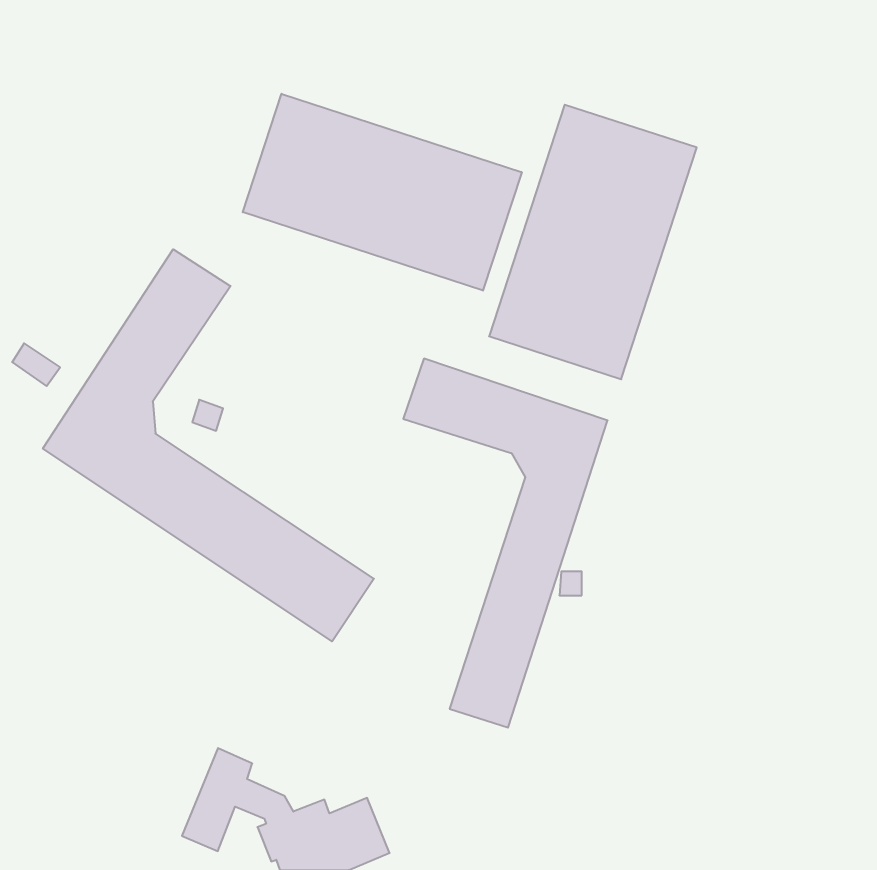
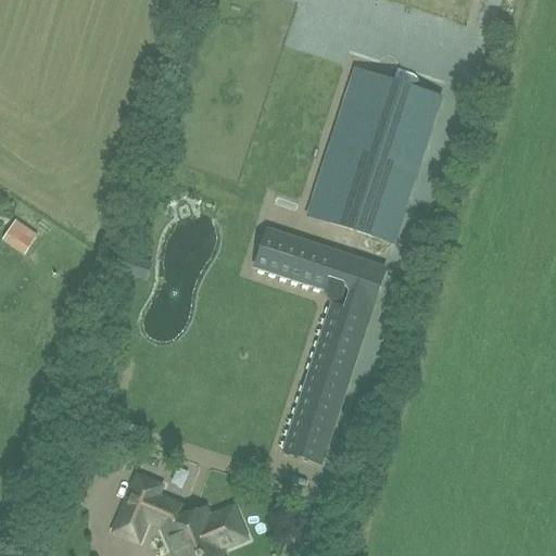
building: [243,94,522,291] -> none
building: [43,249,374,641] -> none

